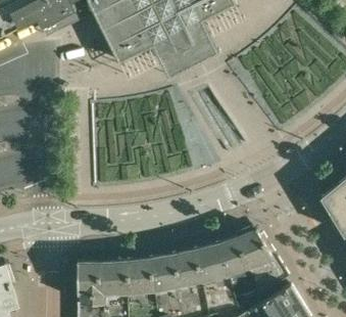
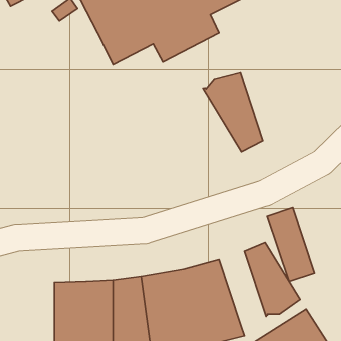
building: none -> [203,73,263,152]
building: [216,236,256,299] -> [267,208,315,282]

